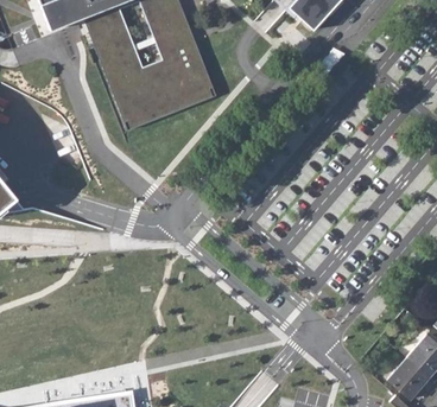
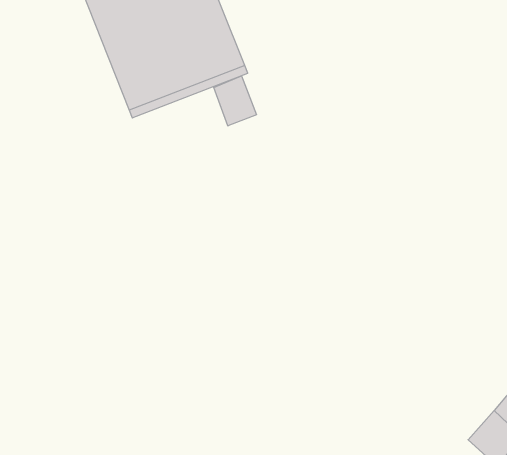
building: none -> [214,76,257,126]

